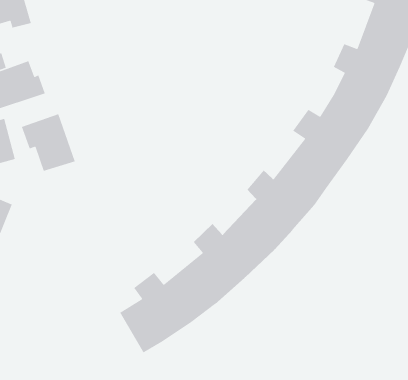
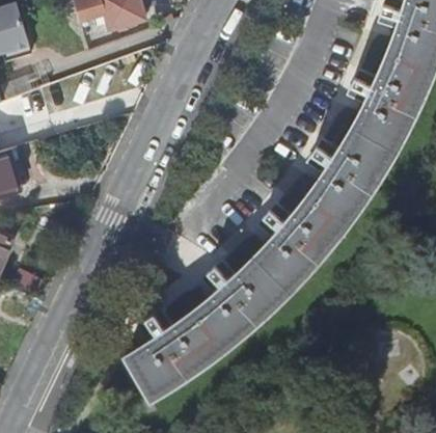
building: [21,113,76,172] -> none

